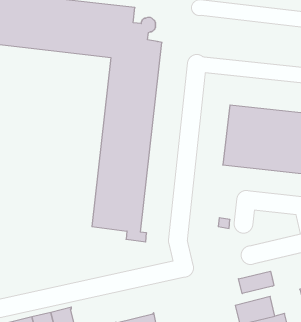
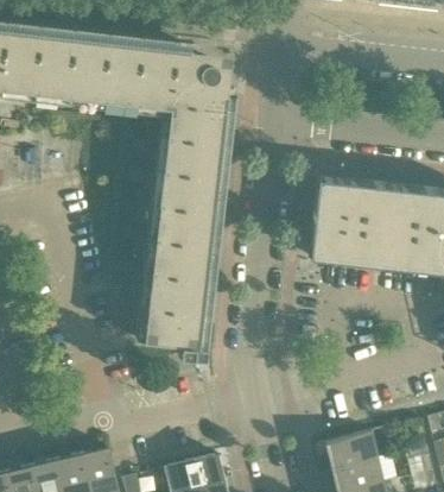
building: [238,271,274,294] -> none

